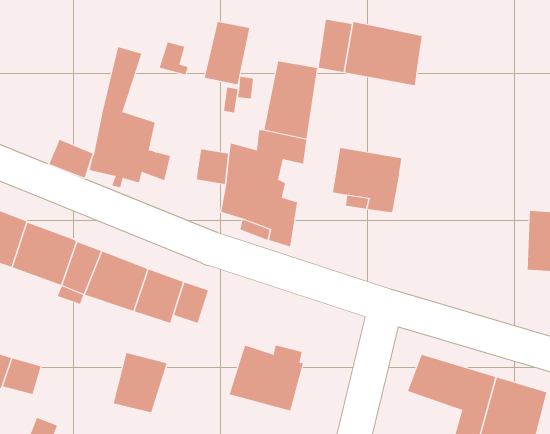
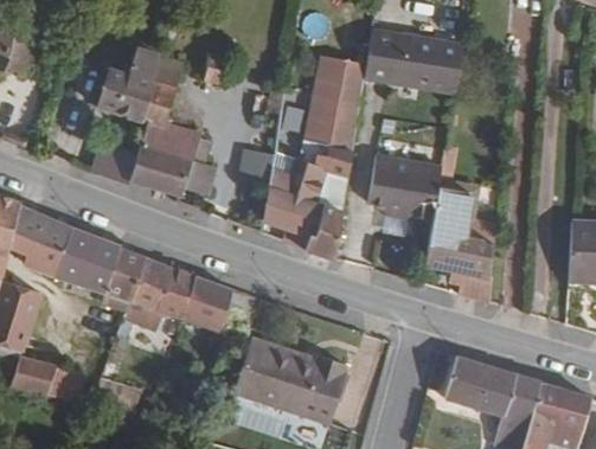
building: [204,21,250,85] -> none
building: none -> [98,46,160,120]
building: none -> [427,182,493,301]
building: [113,352,167,413] -> [232,341,287,402]

